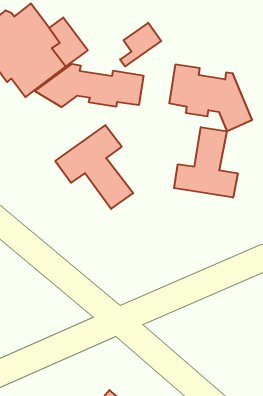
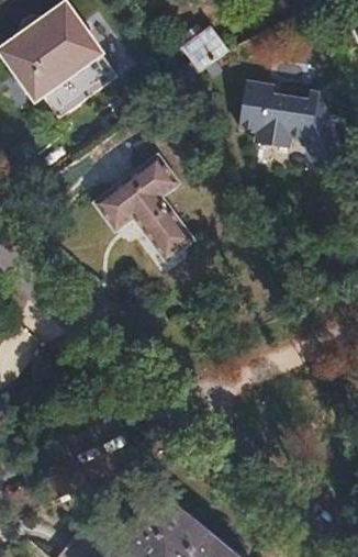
building: [35,64,143,107] -> none
building: [174,127,238,198] -> none

